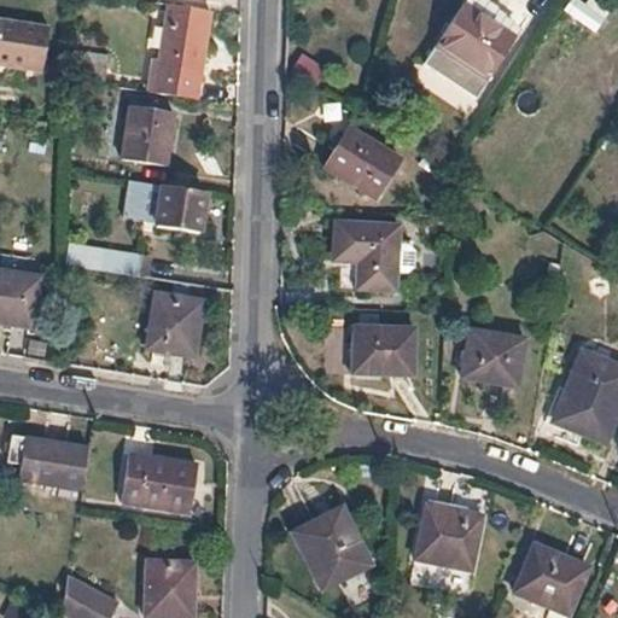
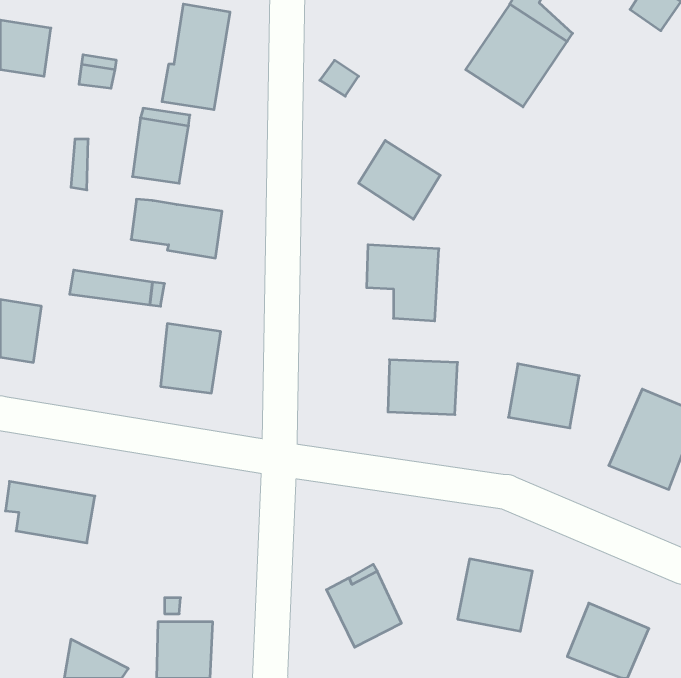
building: [121,454,197,512] -> none

